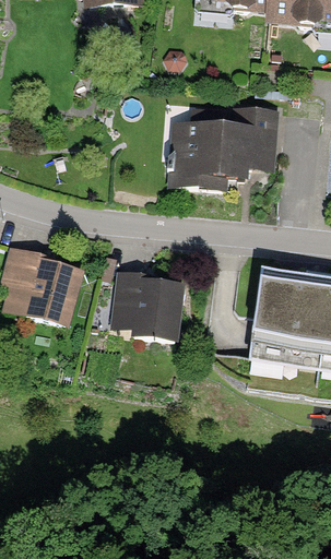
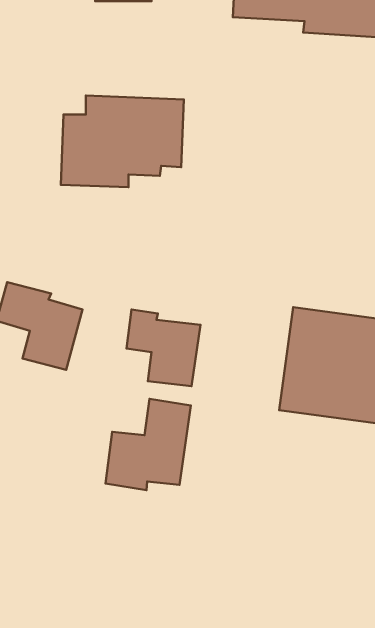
building: [174,103,281,182] -> [61,96,184,187]
building: none -> [105,399,191,490]

